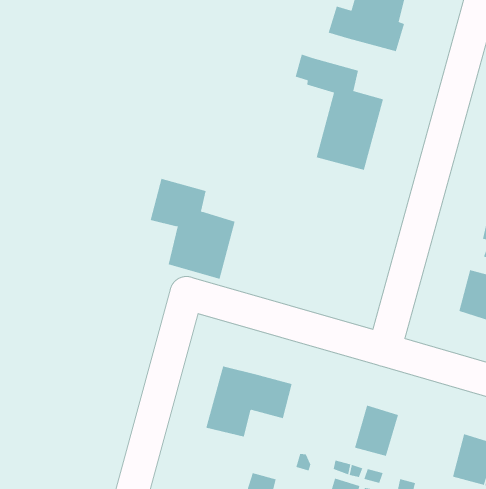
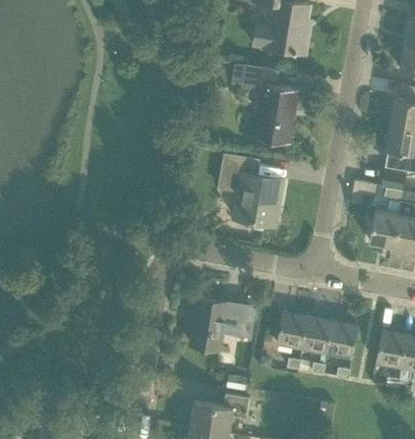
building: [150,178,235,279] -> [220,155,283,225]
building: none -> [277,313,308,349]
building: none -> [327,322,358,359]

